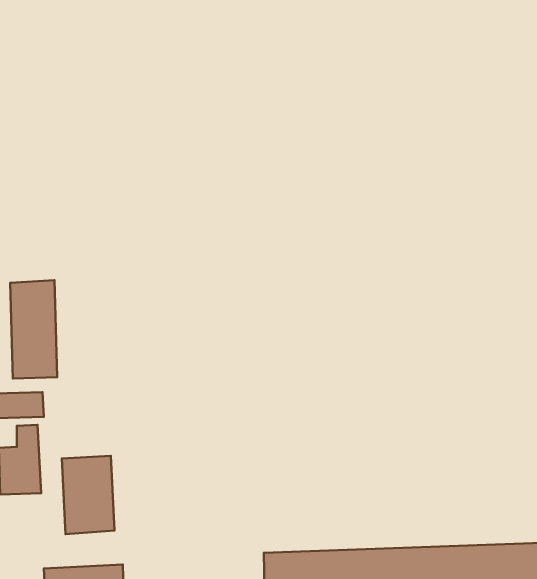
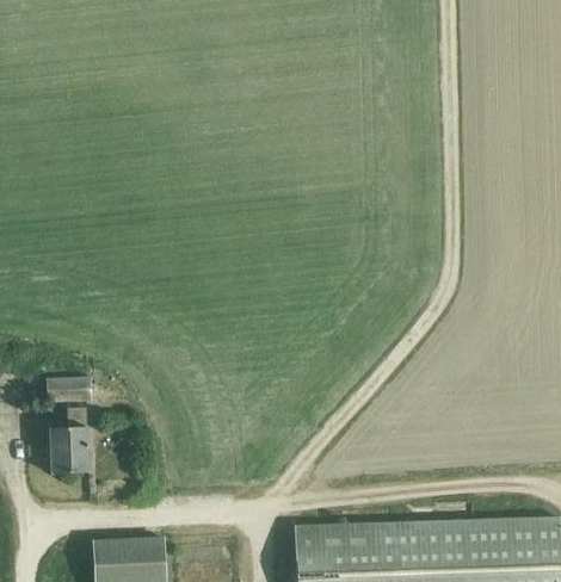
building: [10,280,57,379] -> none
building: [62,456,114,534] -> none

